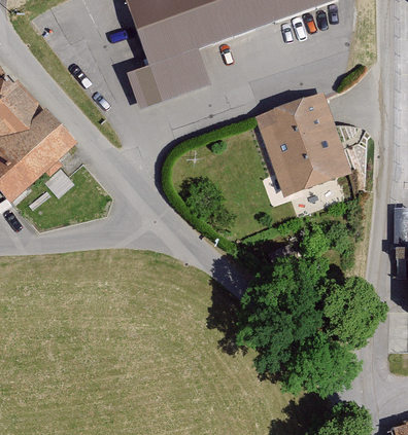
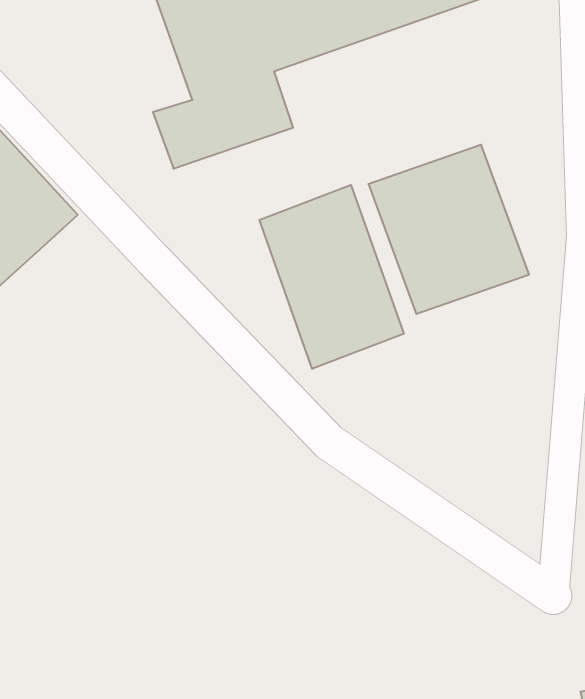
building: none -> [259,185,404,369]

